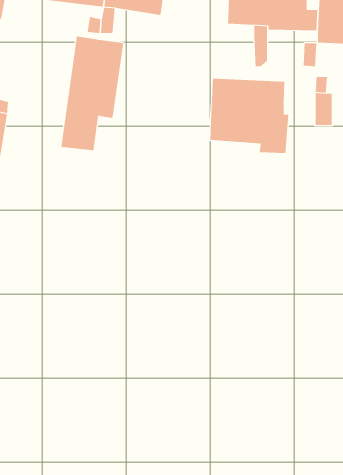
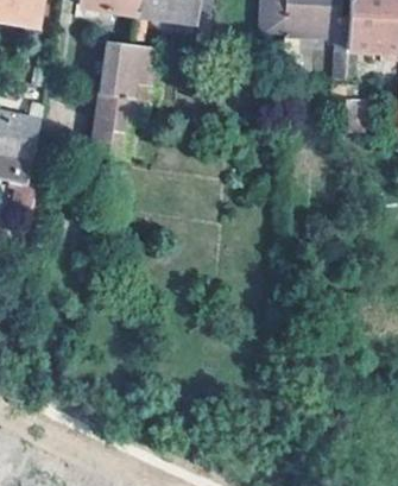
building: [210,78,289,154] -> none

